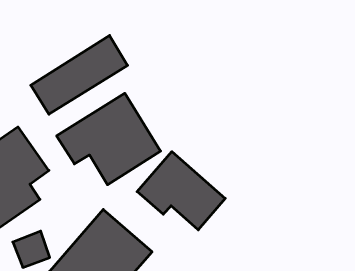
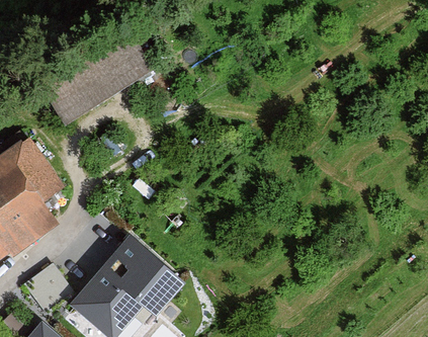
building: [57,93,161,185] -> none
building: [137,152,225,230] -> none

